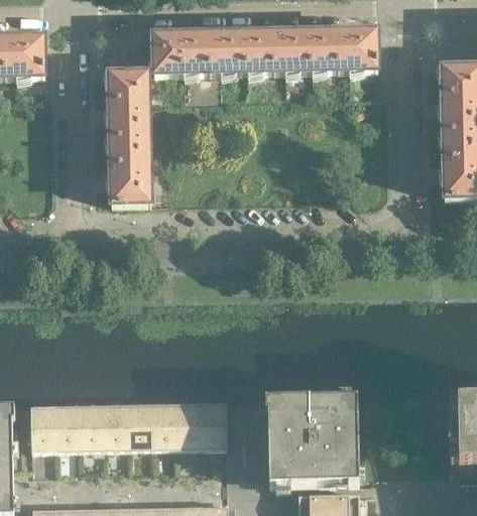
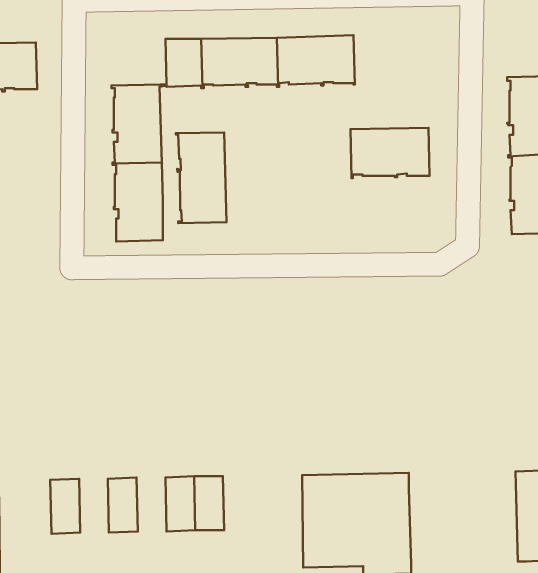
building: [311,29,377,72] -> [350,128,430,178]
building: none -> [176,132,227,223]
building: [201,400,227,446] -> none
building: [128,402,153,447] -> none
building: [80,403,105,448] -> none
building: [30,404,56,449] -> none

